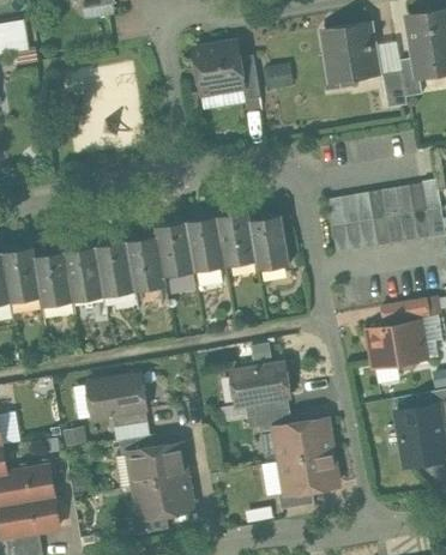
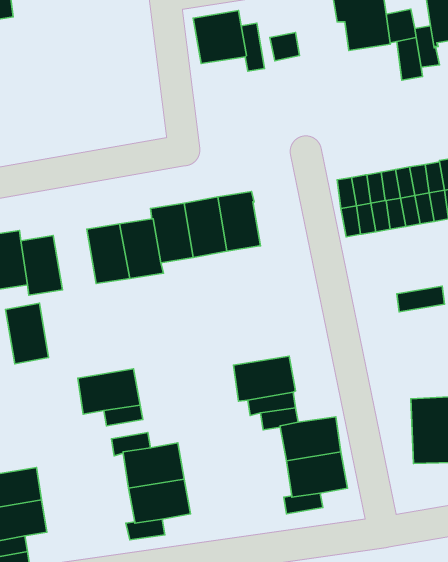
building: [249,215,289,271] -> none
building: [65,246,104,302] -> [6,303,48,364]
building: [368,321,423,370] -> none

